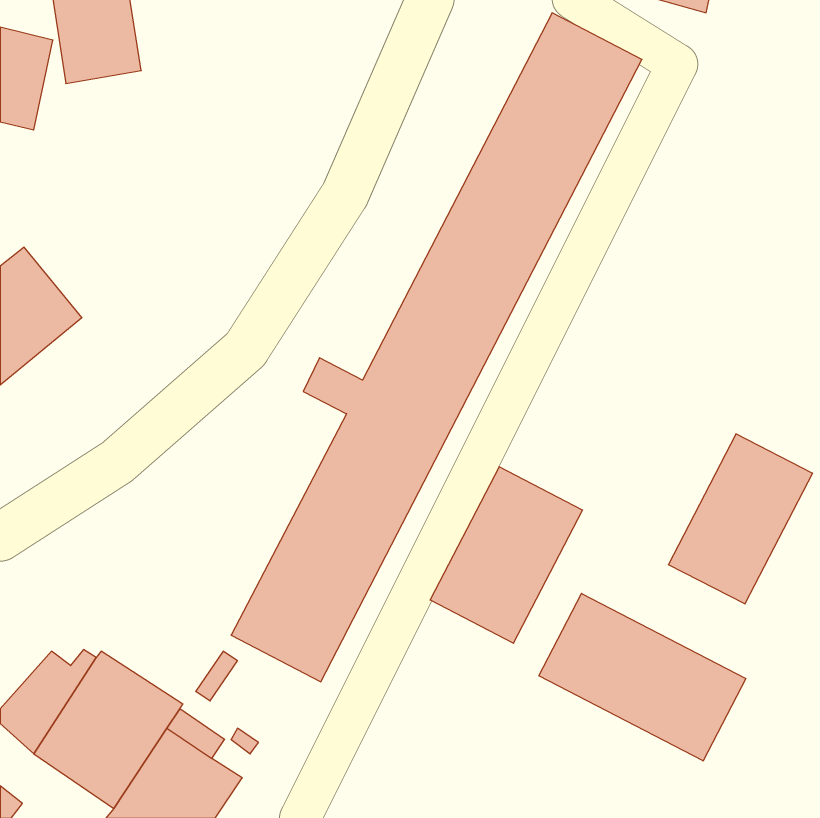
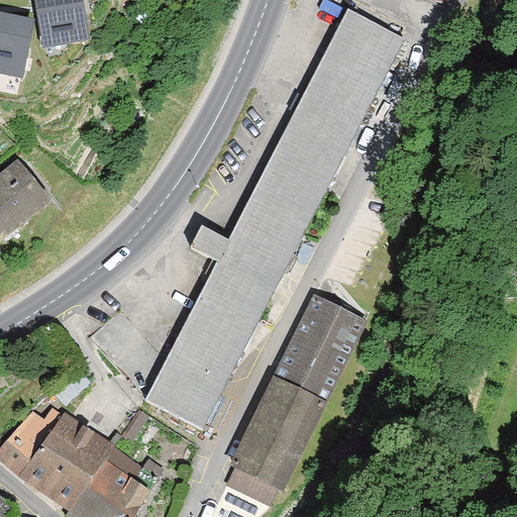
building: [668,434,812,604] -> none
building: [539,593,746,761] -> none
building: none -> [217,378,323,507]

